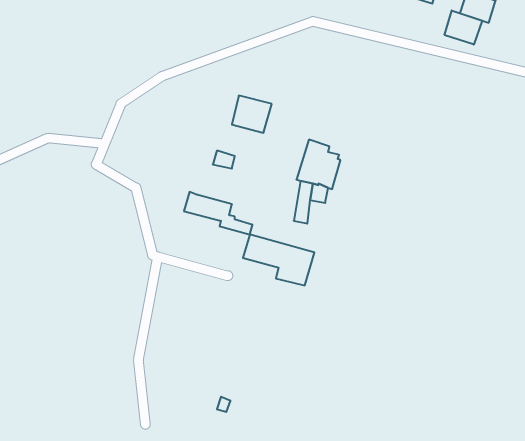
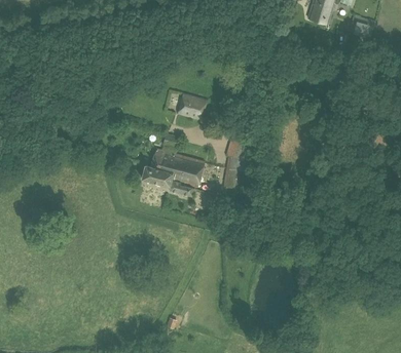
building: [445,10,482,45] -> none
building: [243,235,314,285] -> [150,149,204,187]

